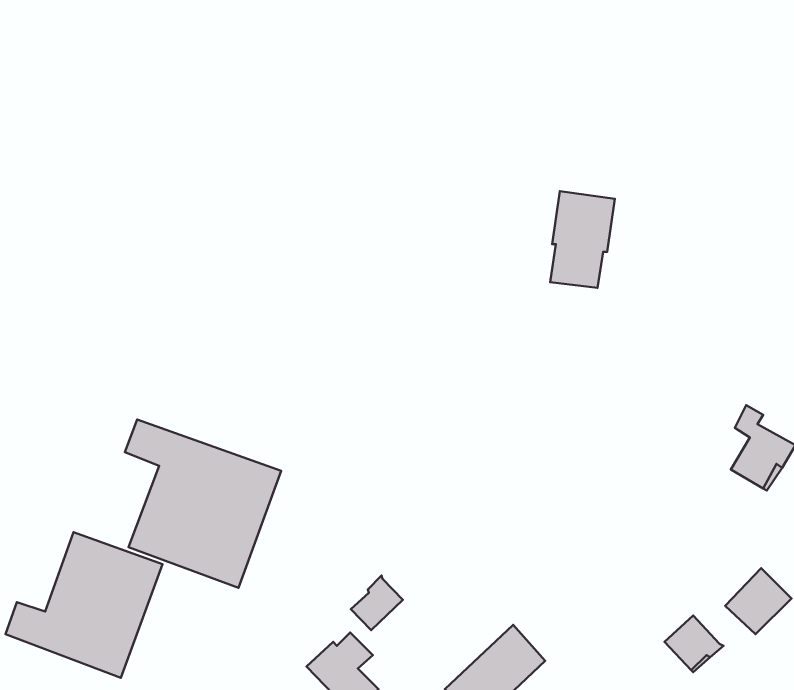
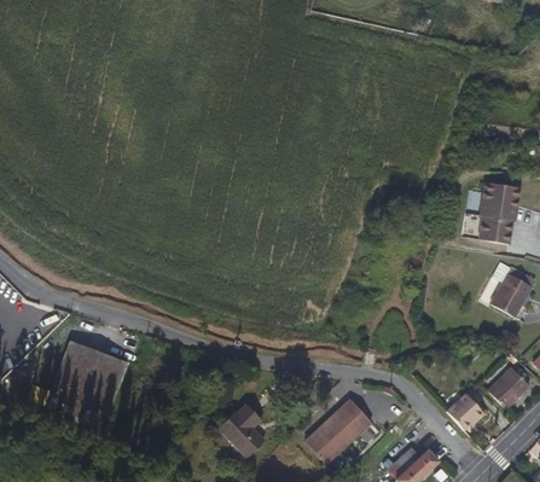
building: [550,191,615,288] -> [476,180,517,242]
building: [125,419,281,588] -> none
building: [351,576,403,630] -> none

